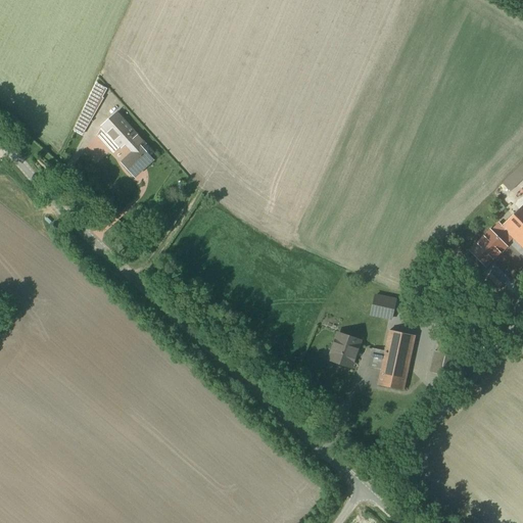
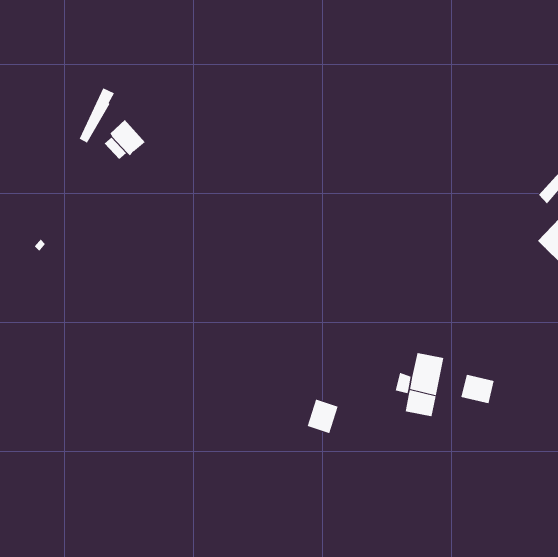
building: [124,133,154,175] -> none
building: [472,225,510,264] -> none
building: [372,295,395,319] -> none
building: [331,332,361,365] -> [307,399,339,434]

